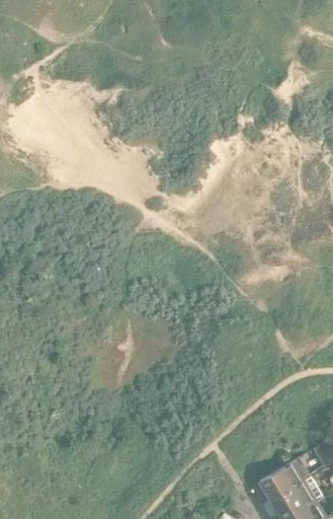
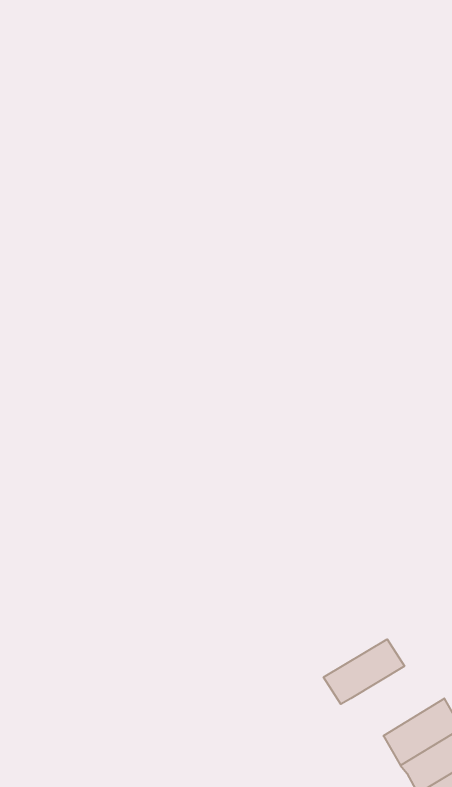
building: none -> [324,639,404,704]

